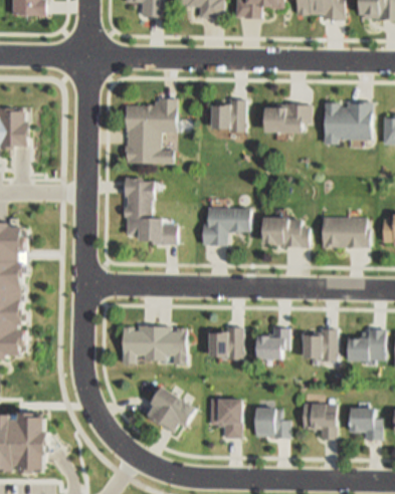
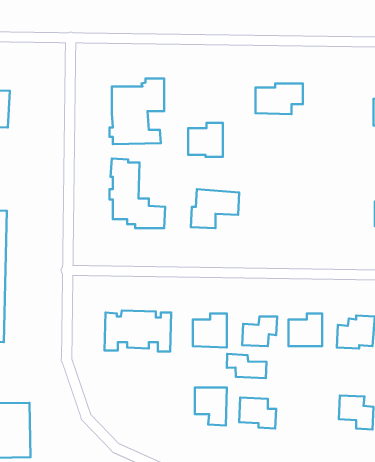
building: [213,98,247,132] -> [188,123,223,157]
building: [326,100,374,143] -> none
building: [265,216,312,247] -> none
building: [325,216,370,247] -> none
building: none -> [227,354,266,378]
building: [144,388,192,432] -> none
building: [304,404,338,439] -> none

